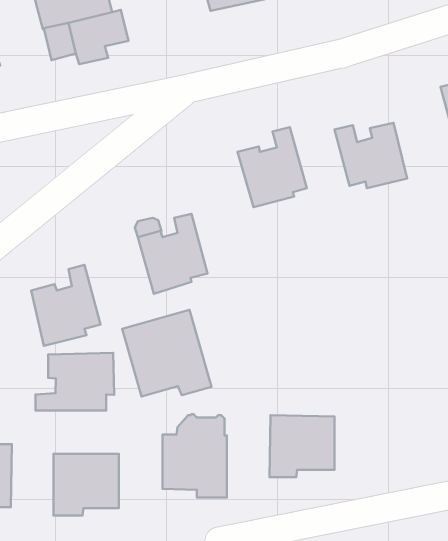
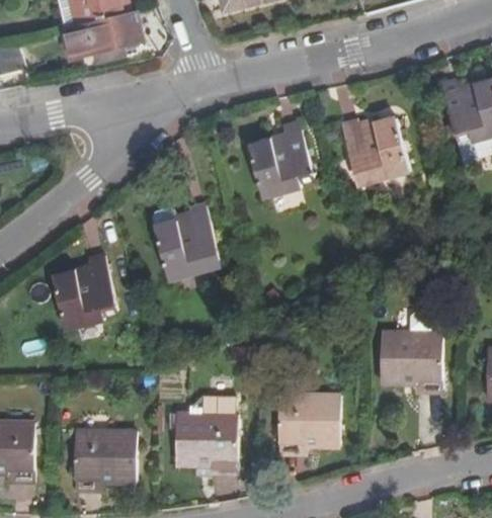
building: [122,310,211,397] -> none
building: none -> [381,309,442,392]
building: [36,353,114,410] -> none

